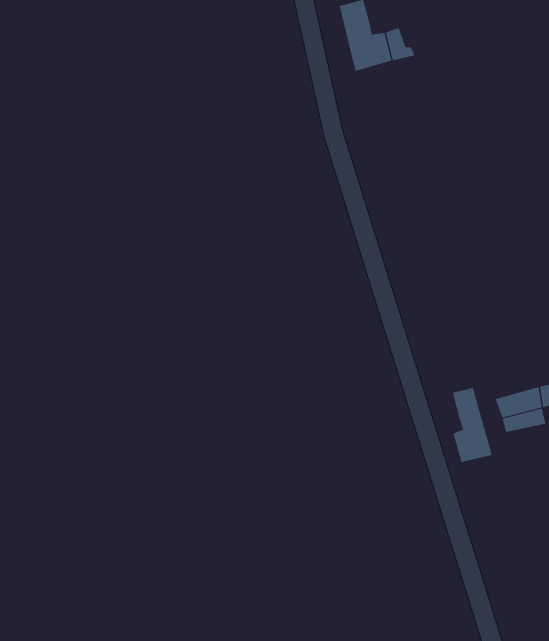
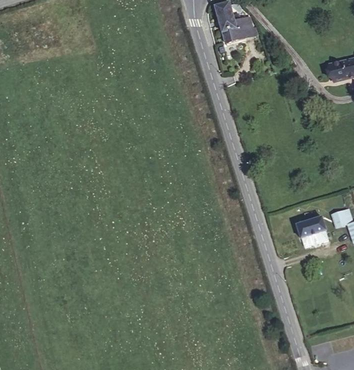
building: [452,387,493,463] -> none

